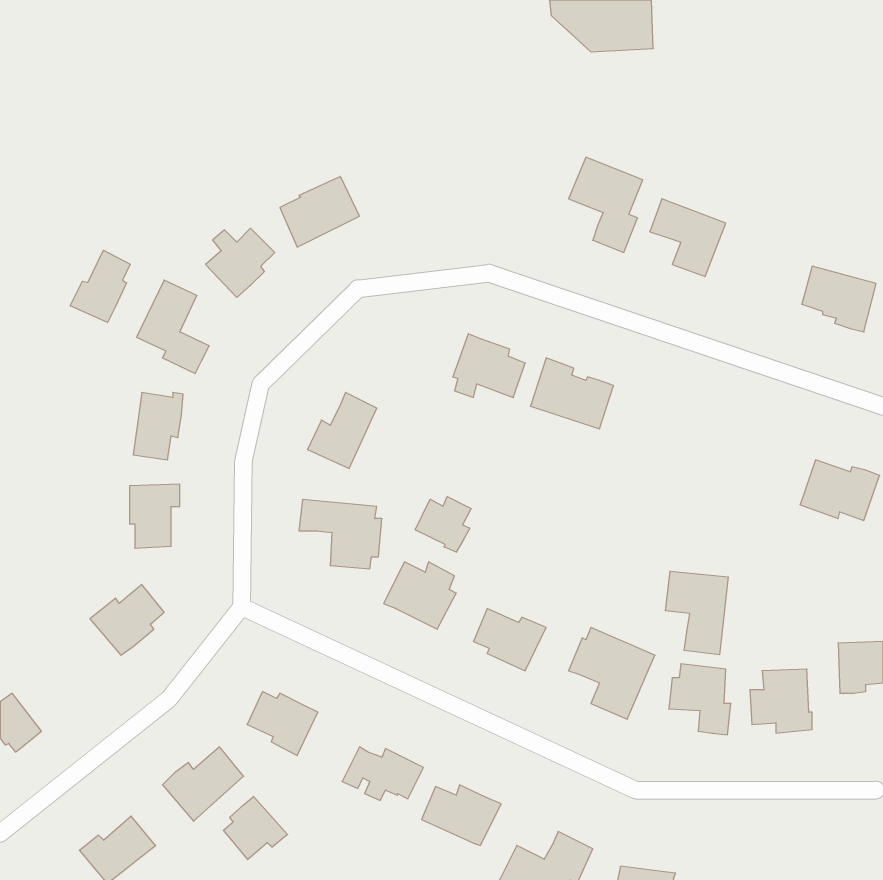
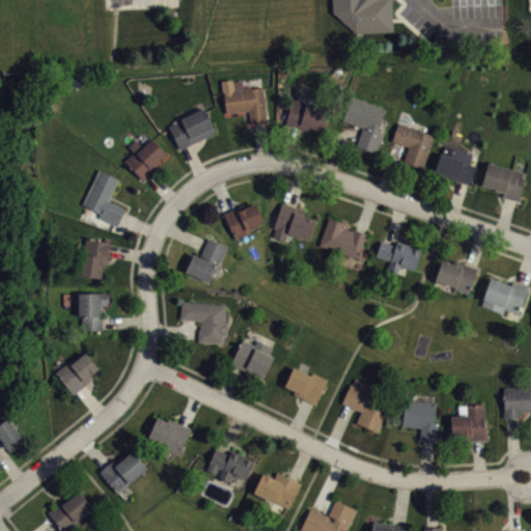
building: none -> [222,80,267,124]
building: none -> [284,95,332,131]
building: none -> [434,144,476,185]
building: [70,250,130,322] -> none
building: none -> [222,202,263,241]
building: none -> [374,241,422,275]
building: none -> [434,260,478,297]
building: [415,497,471,552] -> none
building: [665,571,728,655] -> none
building: [223,796,288,860] -> none

